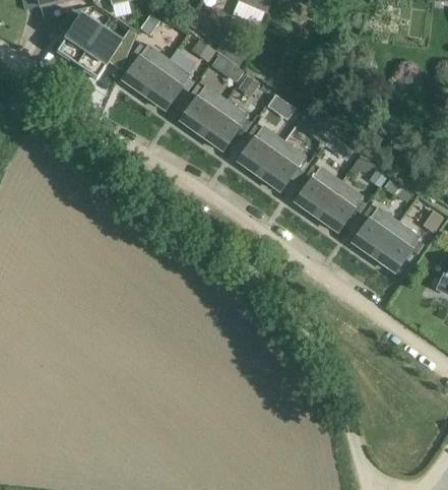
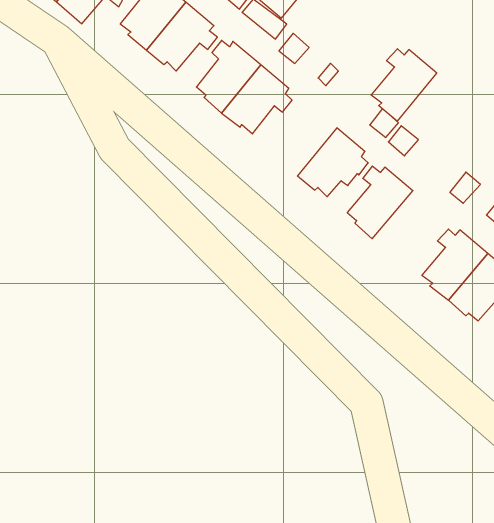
building: [238,125,283,177] -> [371,49,437,121]
building: [315,181,366,231] -> none

